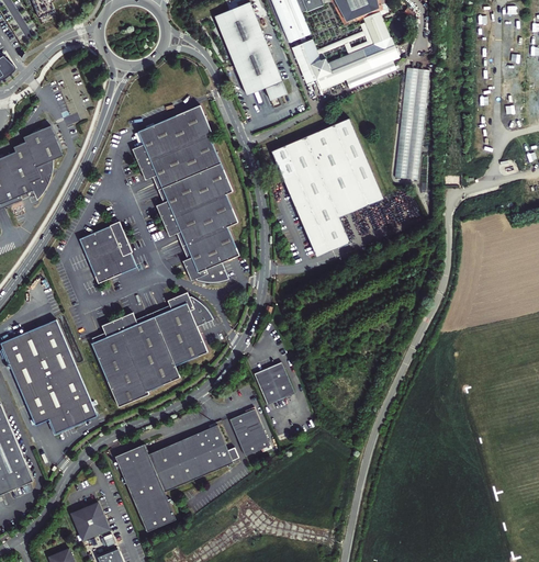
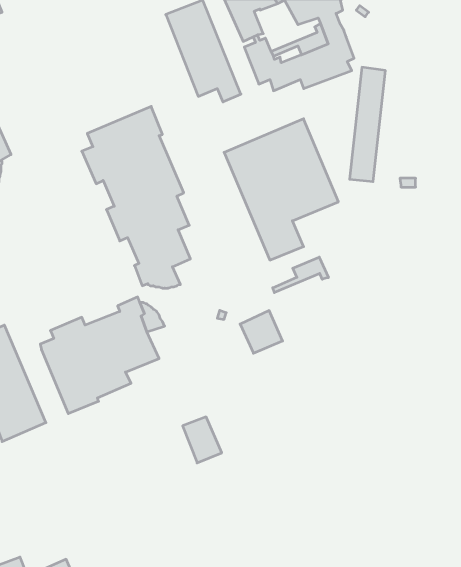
building: [79,222,136,282] -> none
building: none -> [273,257,328,293]
building: [254,361,295,403] -> [240,311,283,353]
building: [115,425,238,530] -> none
building: [71,501,111,540] -> none

